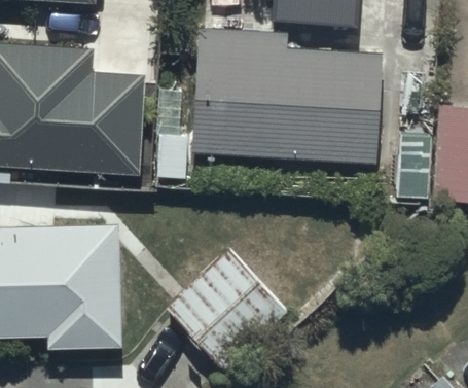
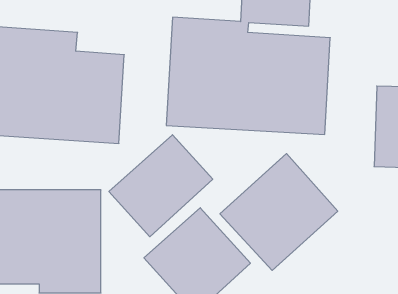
building: none -> [109,135,213,237]
building: none -> [220,154,338,270]

